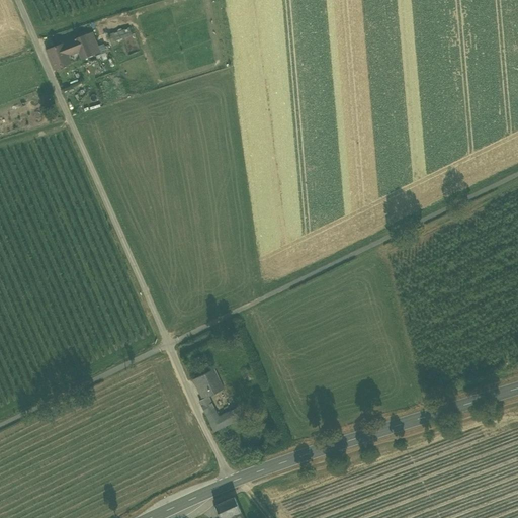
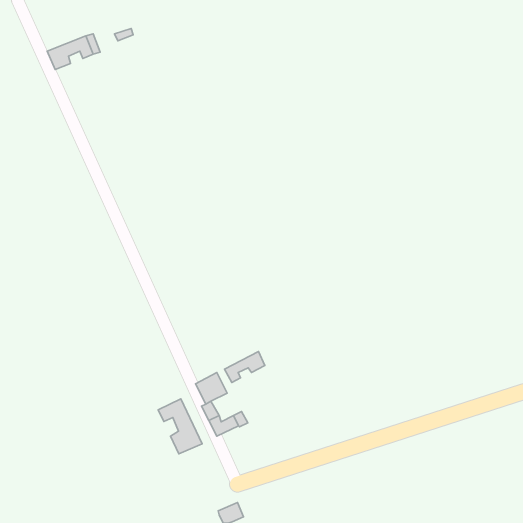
building: none -> [225,352,265,383]
building: none -> [158,399,202,454]

